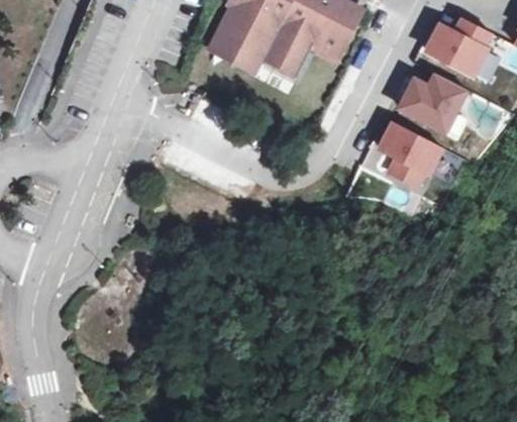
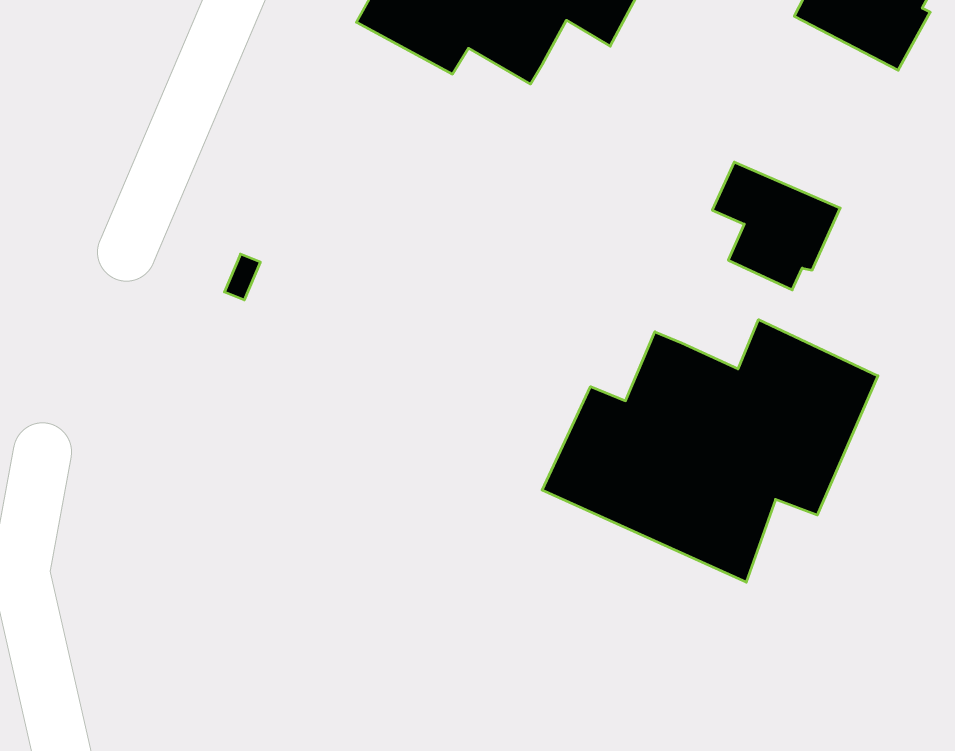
building: [396,71,473,136] -> none
building: none -> [542,320,878,582]

